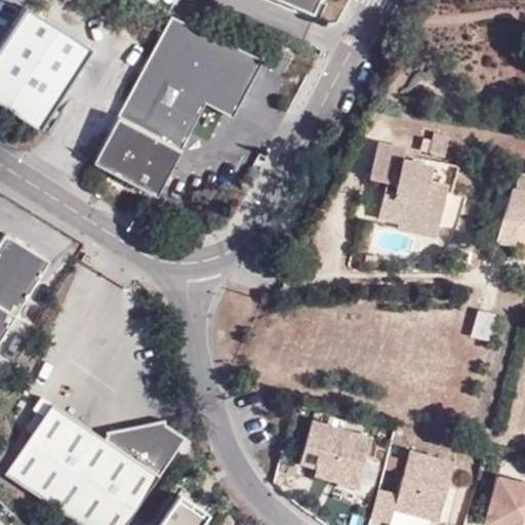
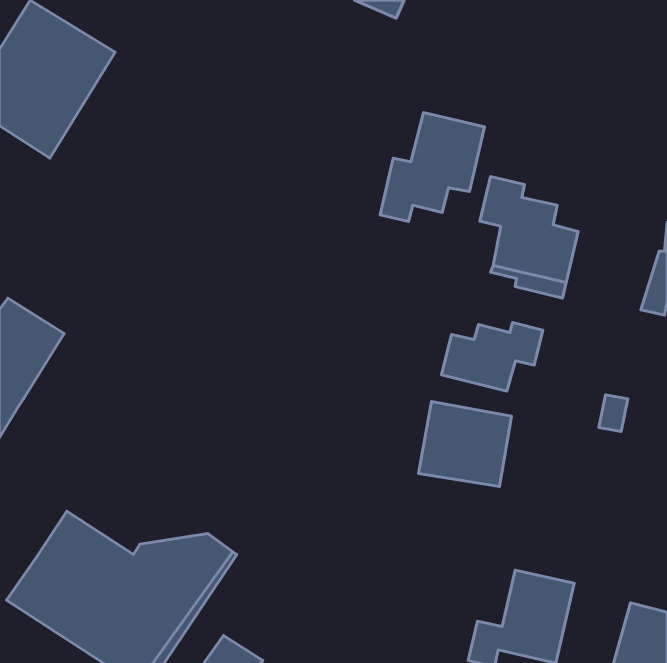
building: [92,13,264,196] -> none
building: none -> [380,113,485,222]
building: none -> [442,322,543,391]
building: [294,422,367,489] -> [419,402,511,487]

